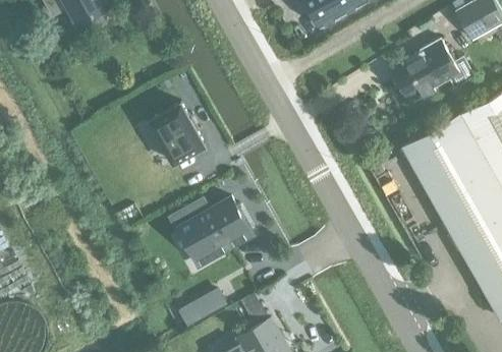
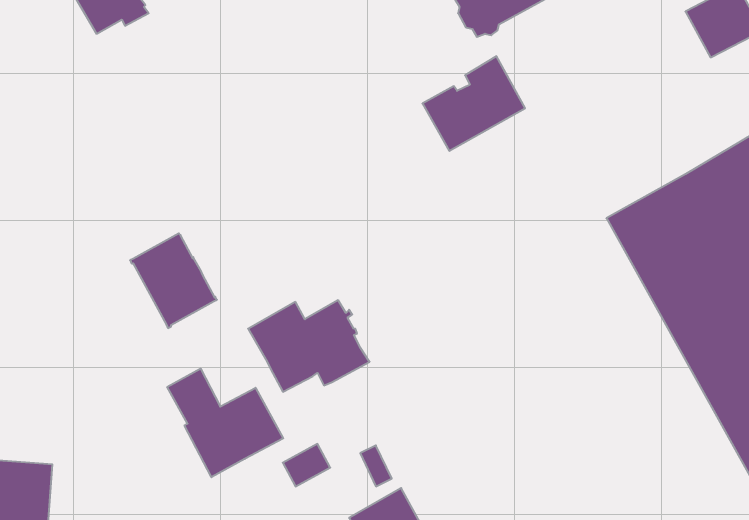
building: [392,40,458,101] -> [422,56,525,151]
building: [149,104,205,165] -> [130,233,217,328]
building: none -> [167,369,283,477]

